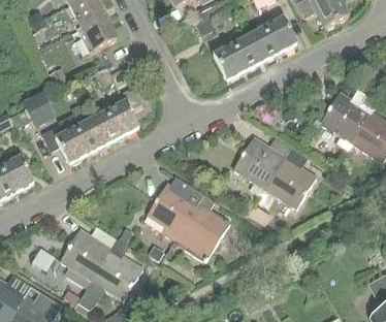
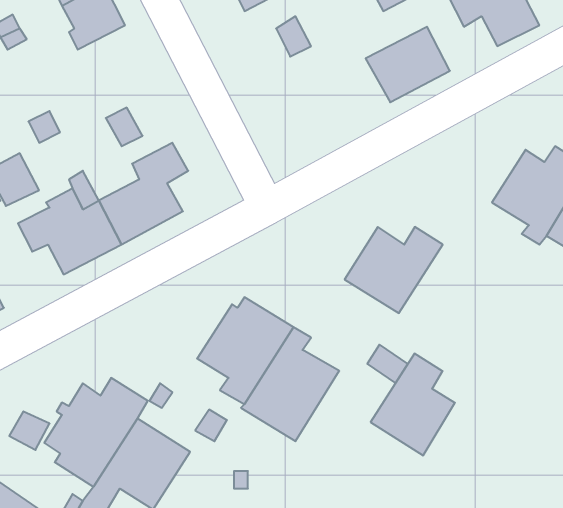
building: [76,18,117,55] -> none
building: [212,37,260,82] -> none
building: [265,147,315,206] -> [371,354,455,455]

